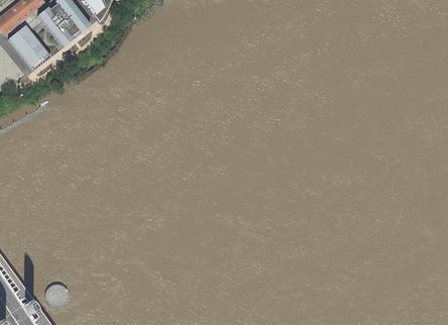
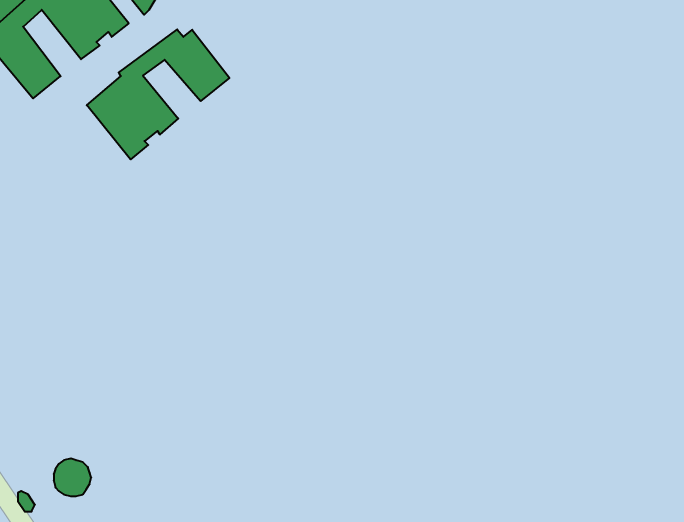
building: none -> [87,29,229,159]

